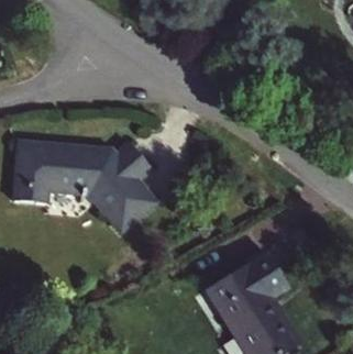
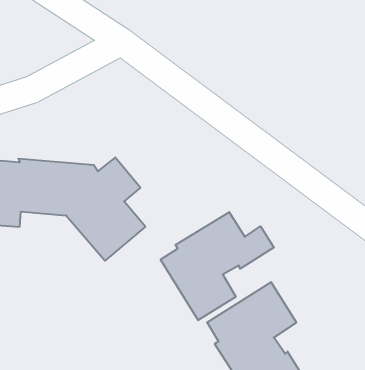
building: none -> [161,212,274,320]

